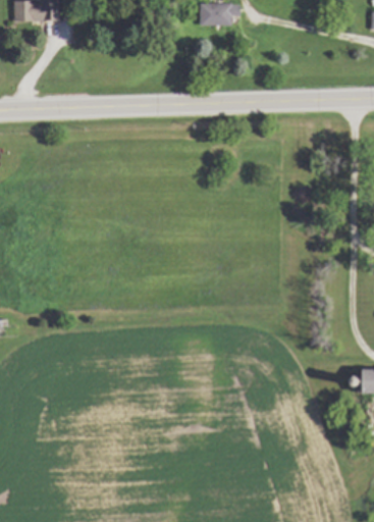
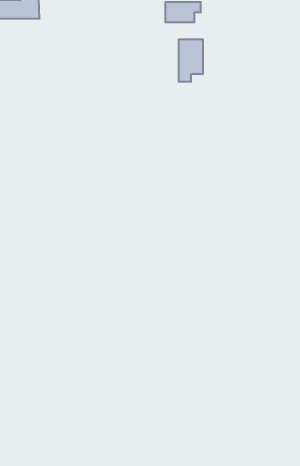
building: none -> [179,39,203,82]

